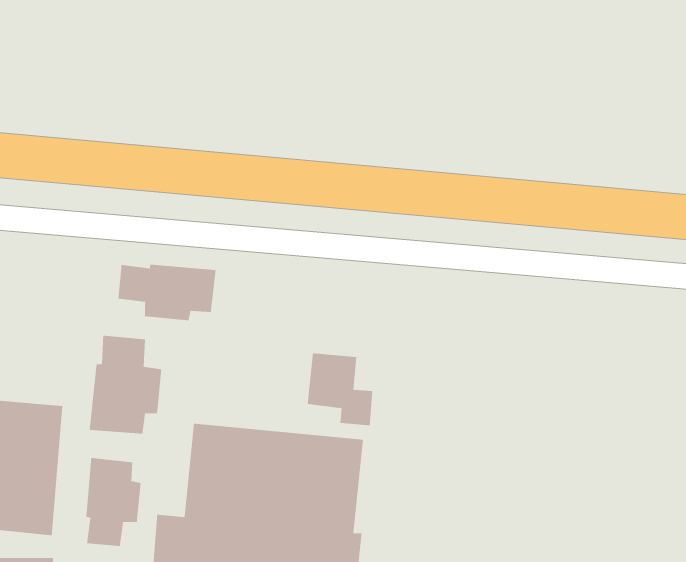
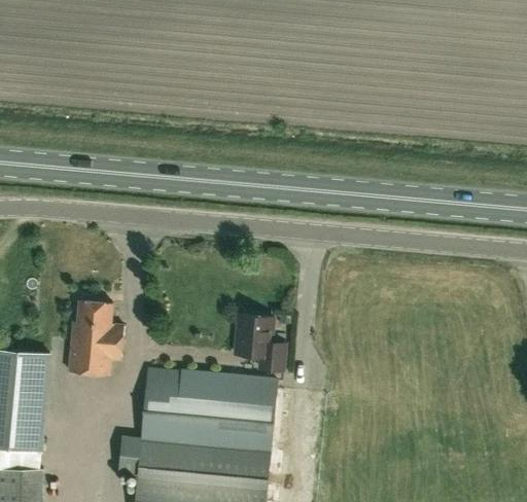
building: [118,264,216,321] -> none
building: [86,457,141,547] -> none

